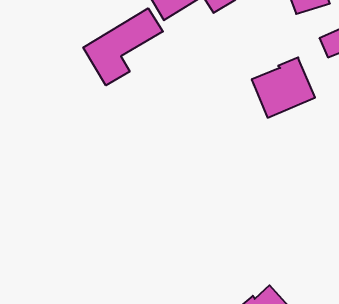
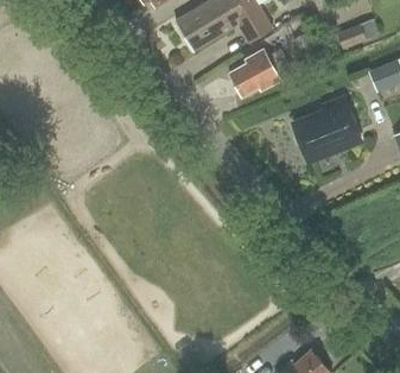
building: [83,8,163,85] -> none
building: none -> [229,49,294,96]

